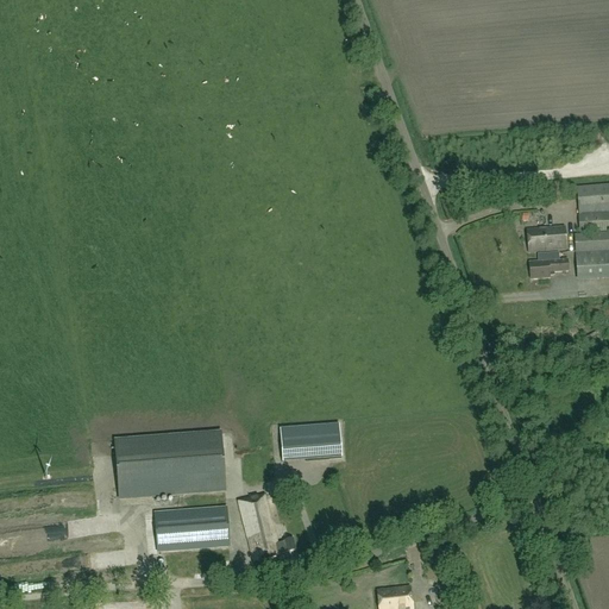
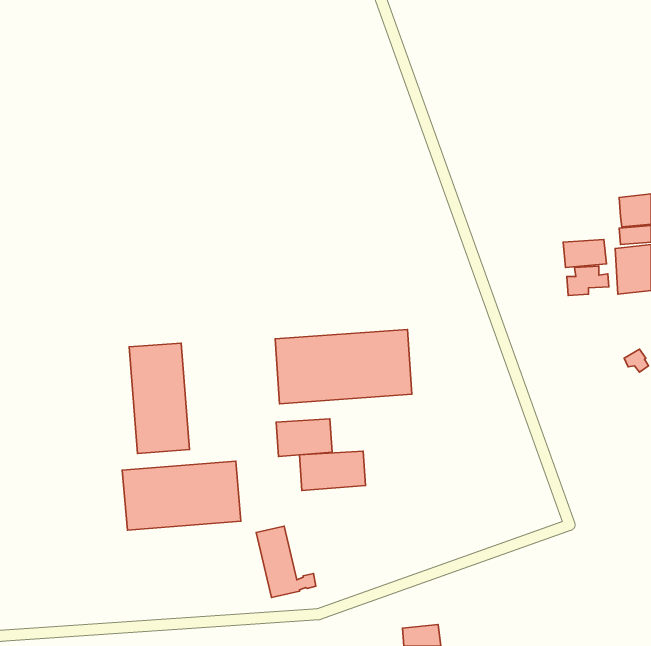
building: none -> [275,329,412,404]
building: none -> [129,343,189,453]
building: none -> [276,419,332,457]
building: [156,510,228,547] -> none

